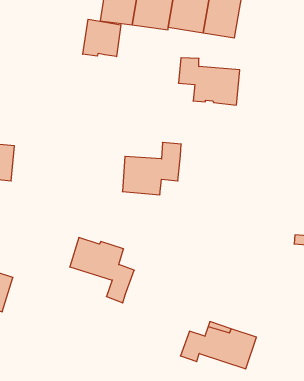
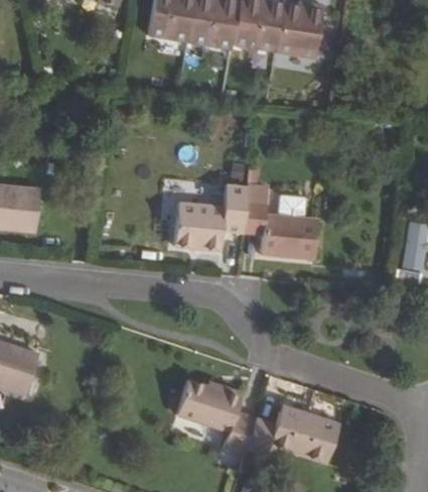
building: [83,19,121,57] -> none
building: [178,58,240,105] -> [243,202,318,260]
building: [70,238,134,303] -> [177,378,257,459]

